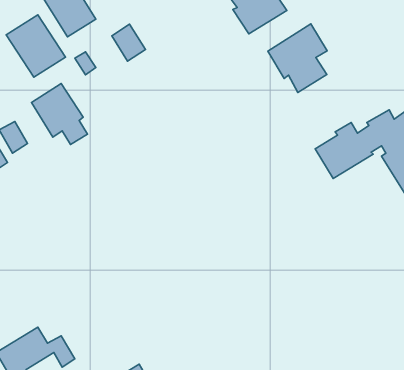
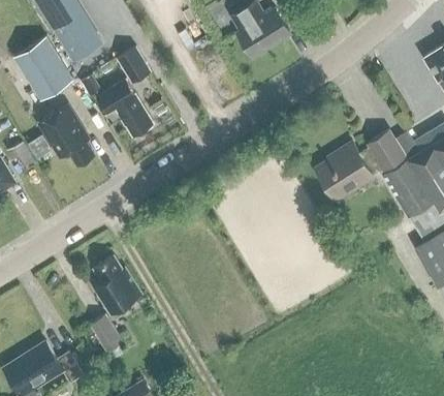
building: [268,24,327,93] -> none
building: none -> [95,79,153,136]
building: none -> [95,256,141,314]
building: none -> [89,315,121,352]

